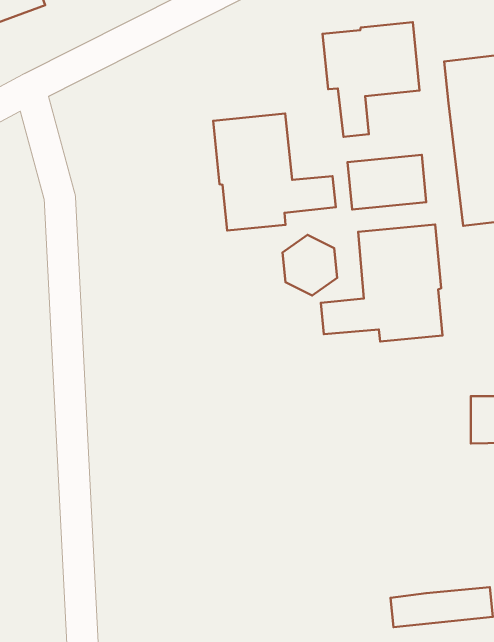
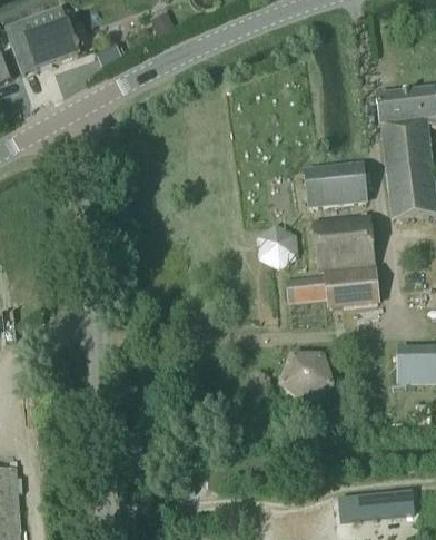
building: [323,22,420,137] -> none
building: [213,114,336,231] -> none
building: none -> [279,354,336,408]

